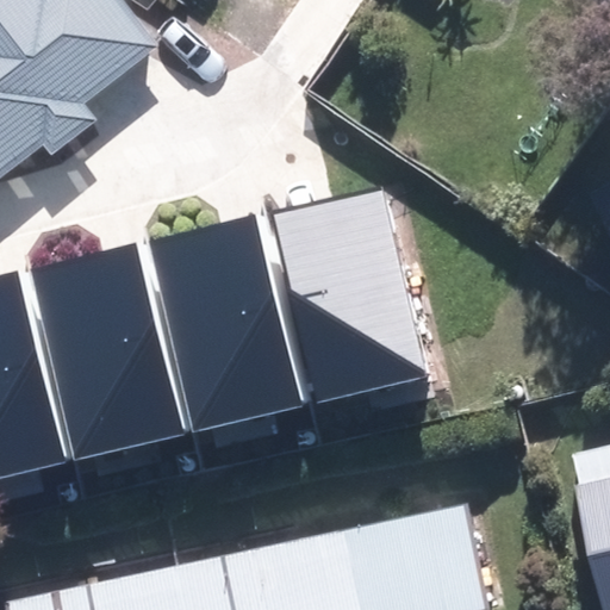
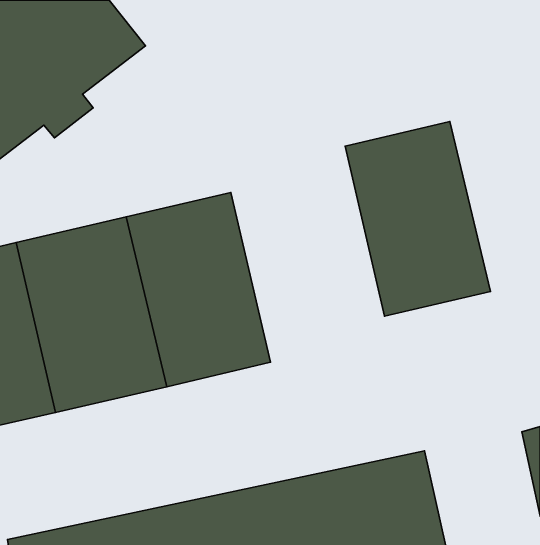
building: [257,188,419,405] -> [345,122,491,316]

